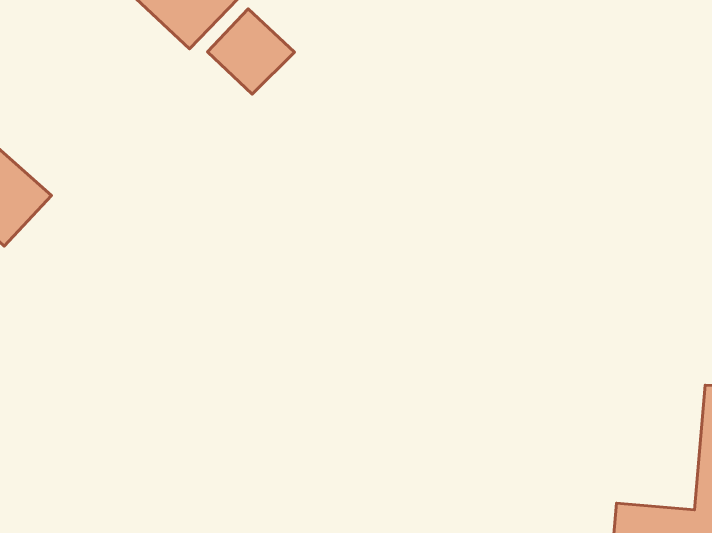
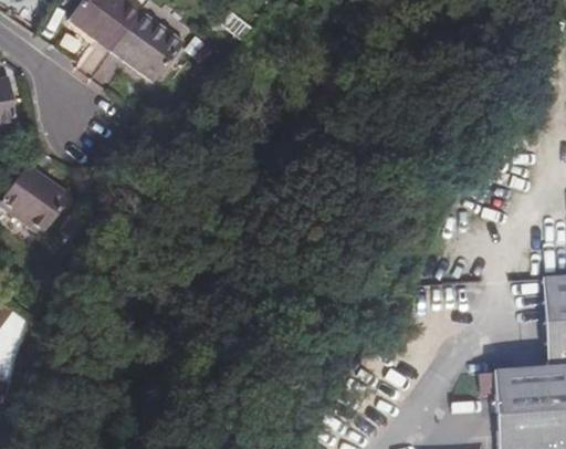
building: [207,9,295,94] -> none

